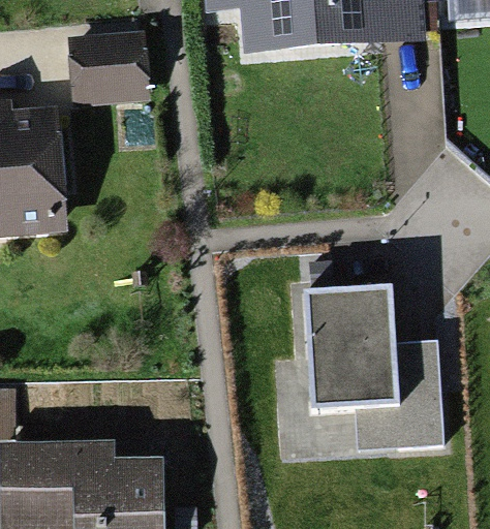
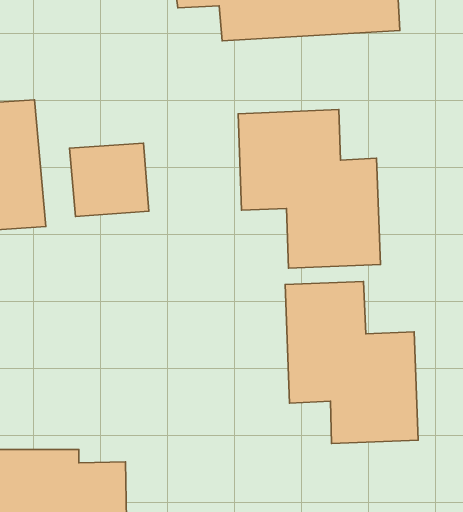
building: [66,31,146,104] -> [69,143,149,216]
building: none -> [238,110,381,268]

